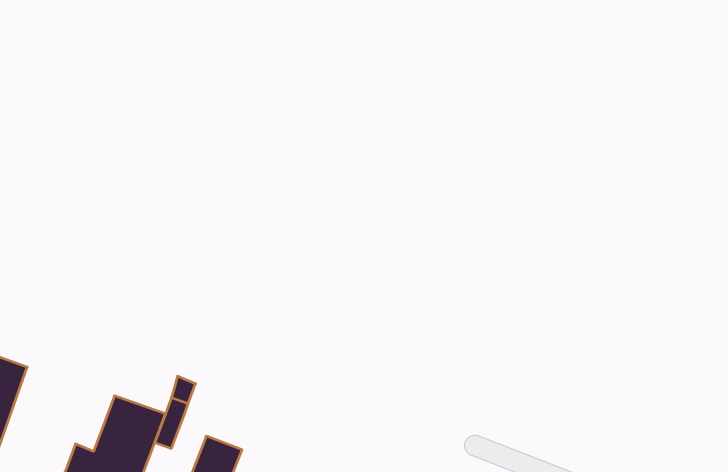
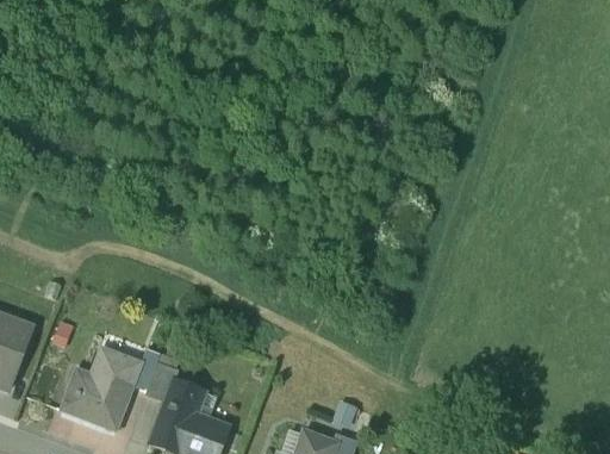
building: none -> [144,361,178,402]

